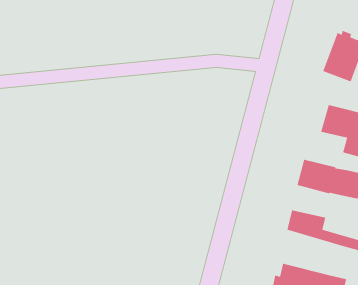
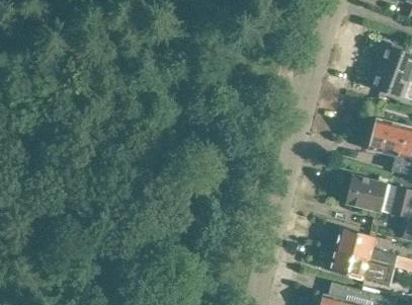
building: none -> [329,248,394,286]

